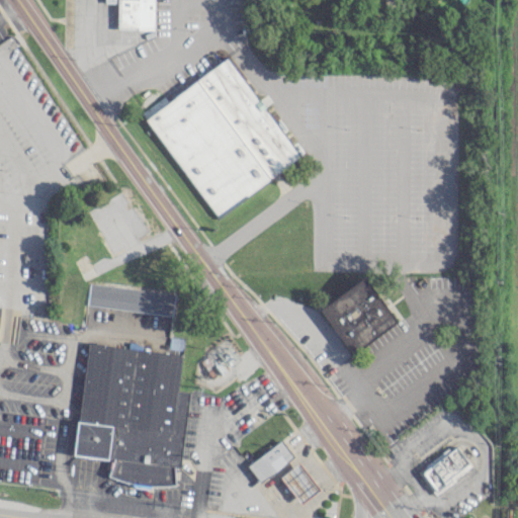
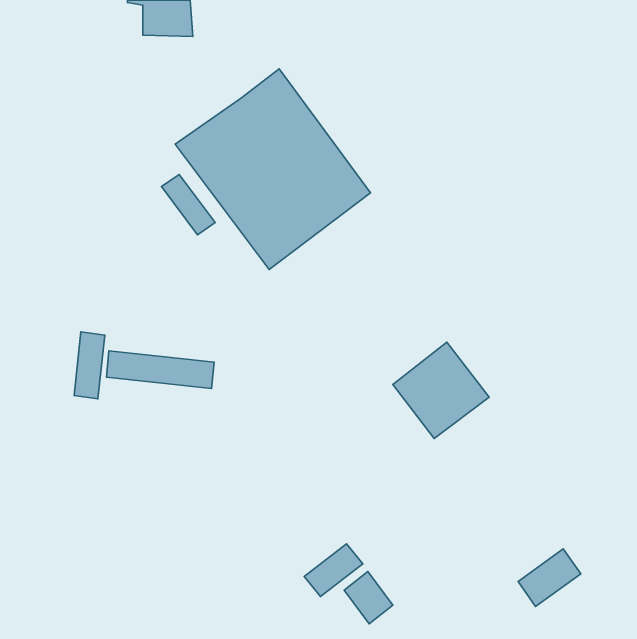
building: none -> [161,174,215,235]
building: none -> [74,332,105,399]
building: [72,342,190,488] -> none

